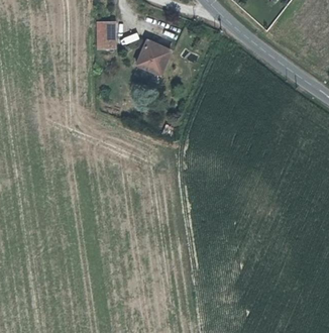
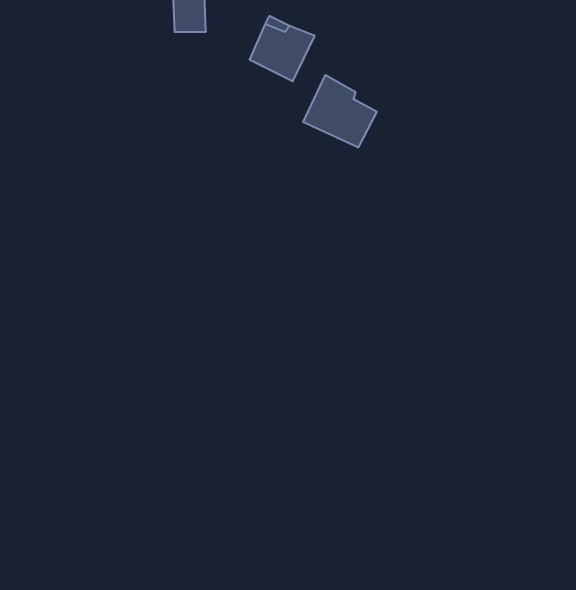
building: none -> [303,75,377,148]

